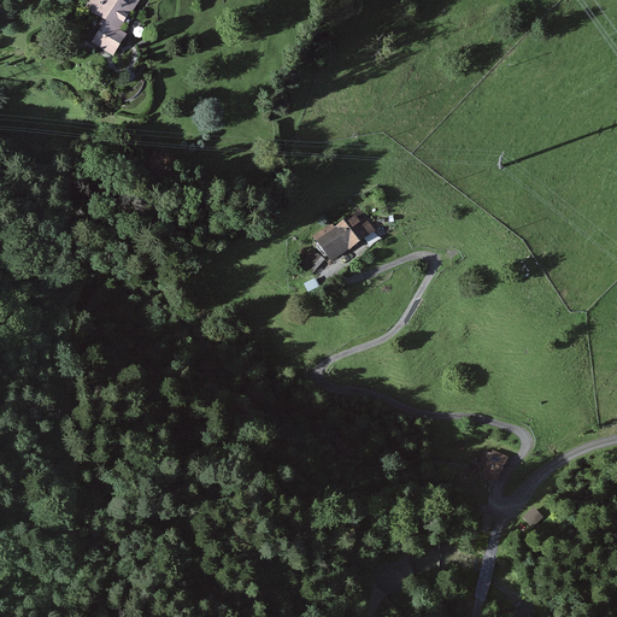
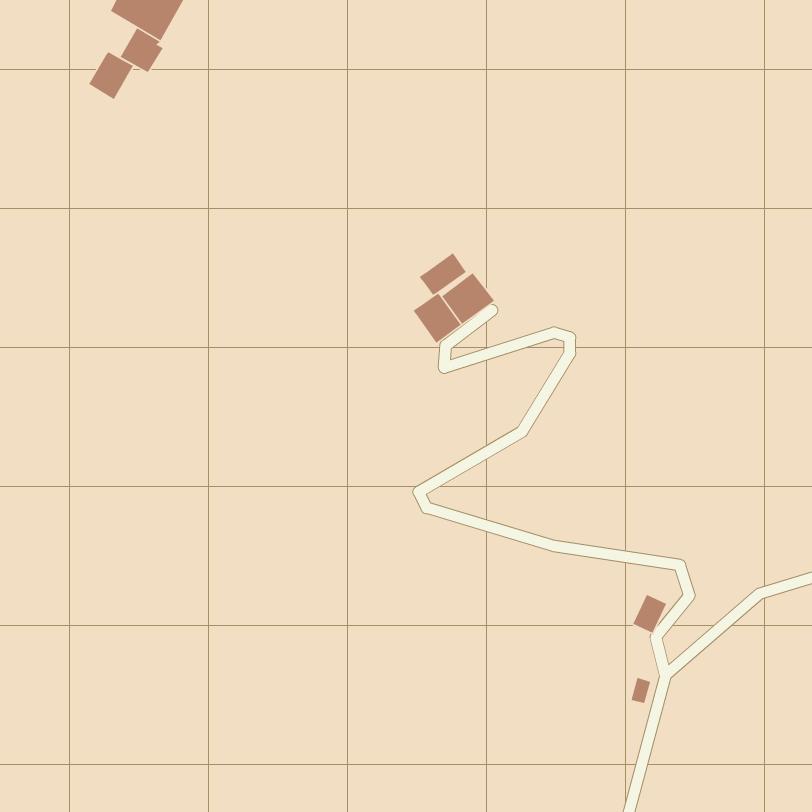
building: none -> [88,51,134,100]
building: none -> [419,252,467,296]

